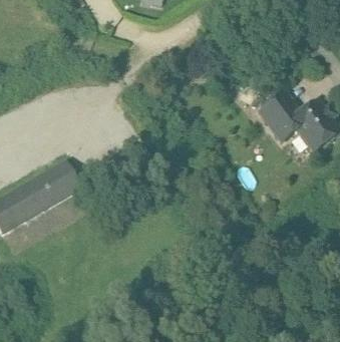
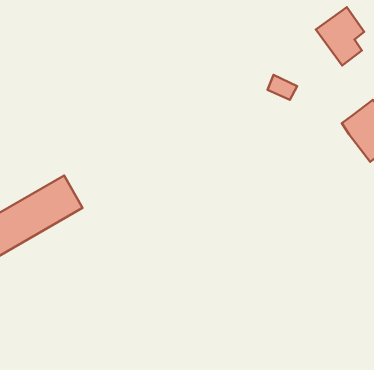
building: [260,93,299,140] -> [316,7,364,65]

